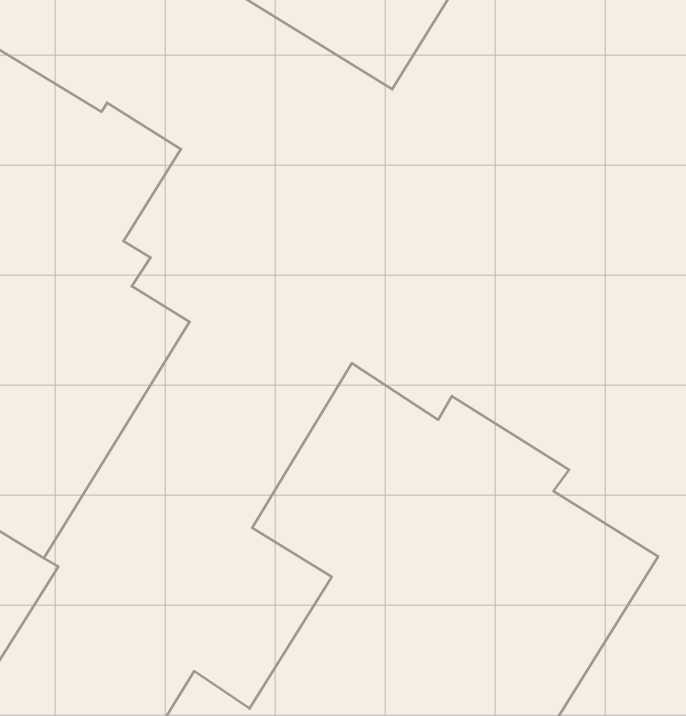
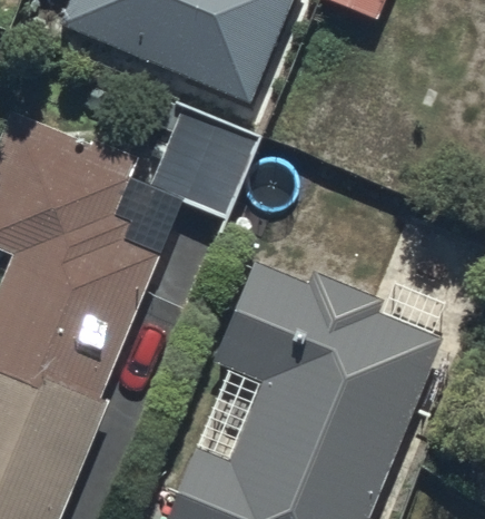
building: none -> [141,99,250,206]

